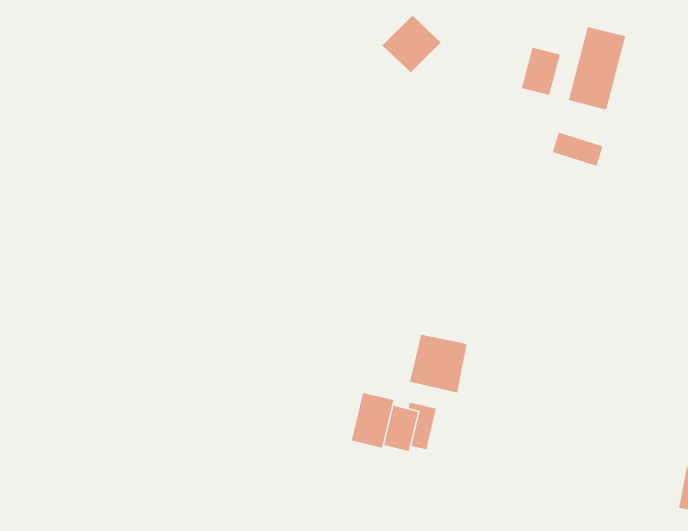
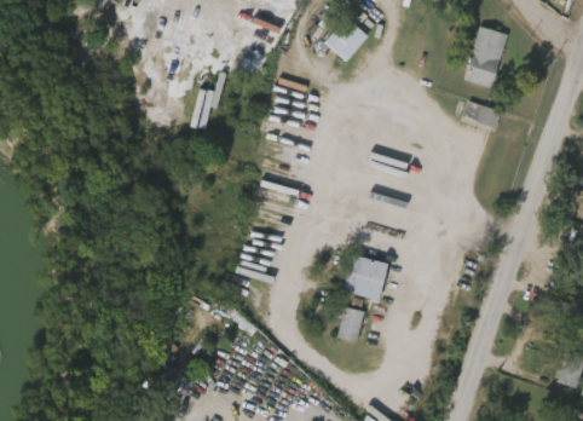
building: [521,47,561,96] -> none
building: [351,392,394,448] -> none

